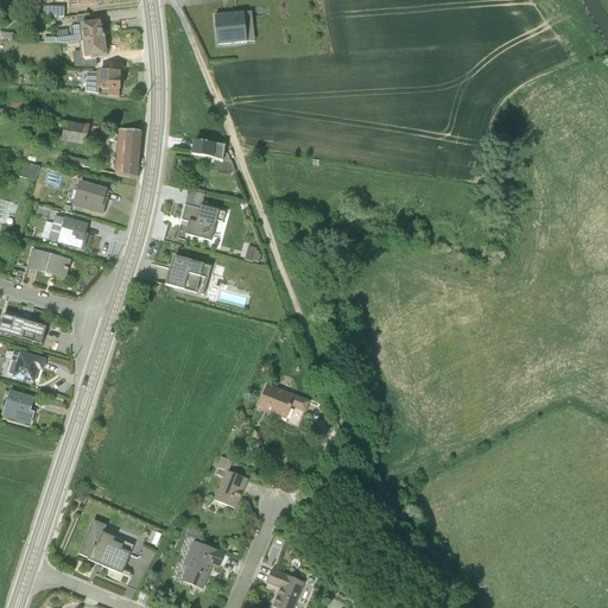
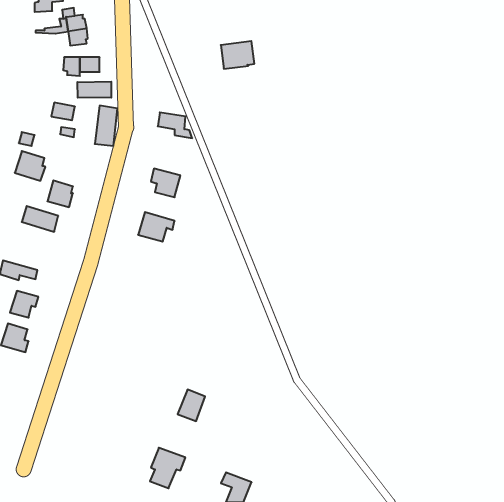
building: [214,7,254,40] -> [221,41,254,69]
building: none -> [77,82,111,98]
building: [71,179,108,215] -> [15,151,45,181]
building: [258,384,309,417] -> none
building: [77,519,133,571] -> none

